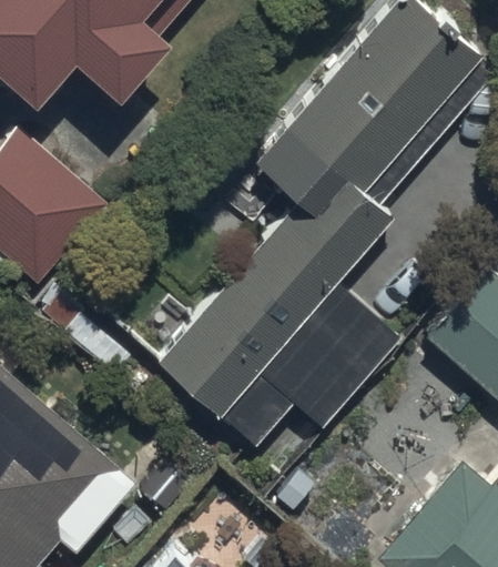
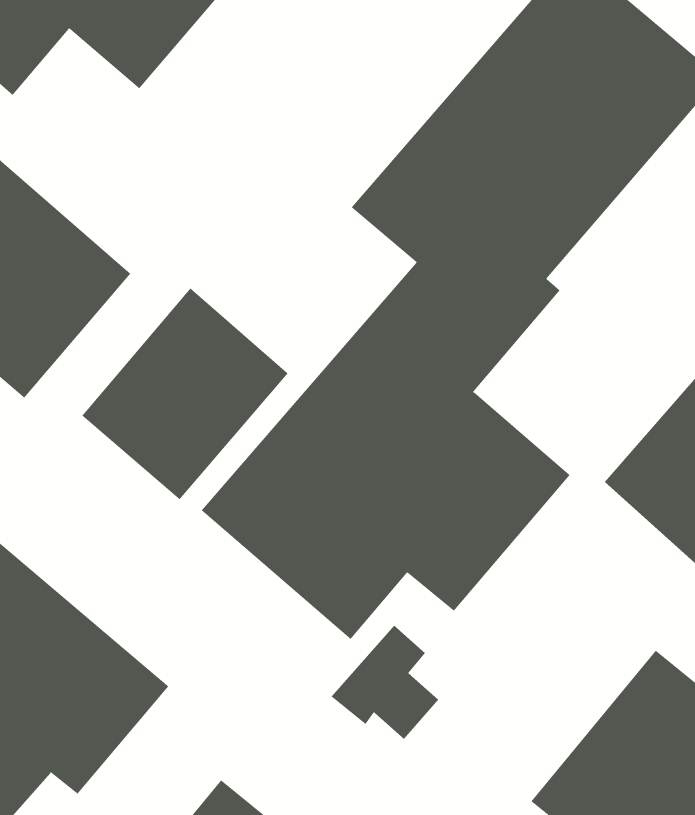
building: none -> [81,287,288,500]

